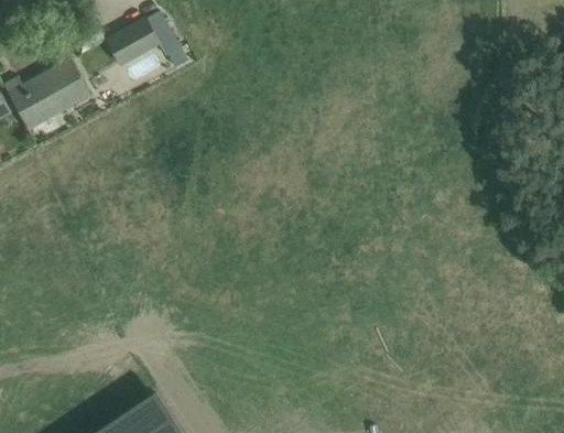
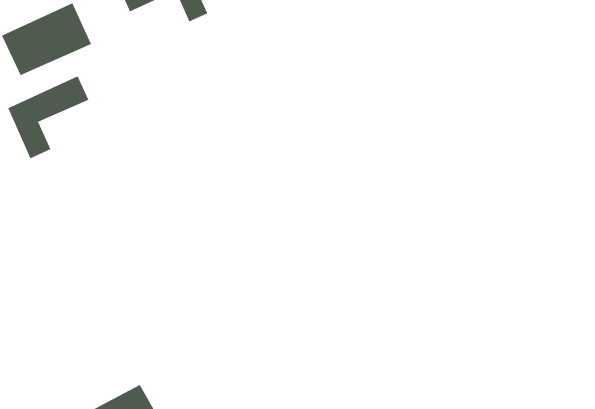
building: none -> [7,75,89,159]

